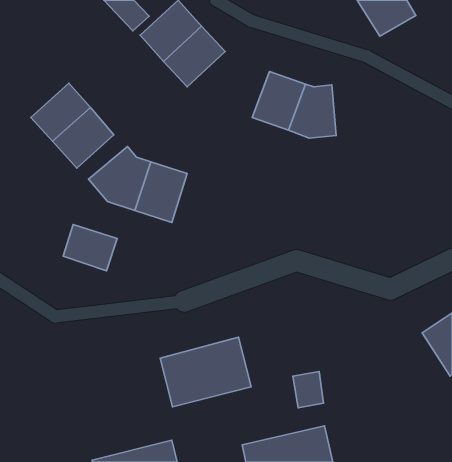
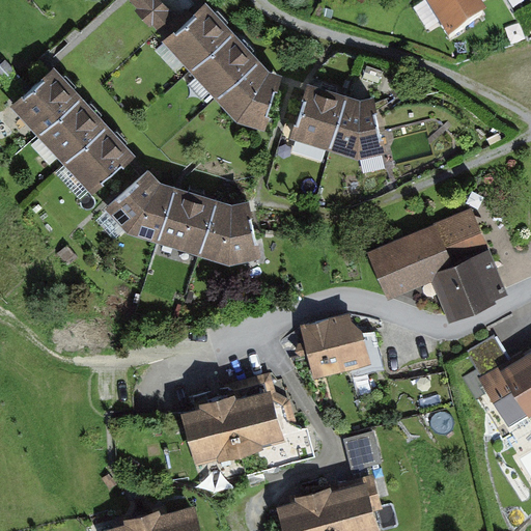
building: none -> [215,59,279,130]
building: none -> [8,65,79,135]
building: none -> [197,199,259,264]
building: none -> [368,207,509,322]
building: [63,225,117,271] -> none
building: none -> [294,311,369,384]

